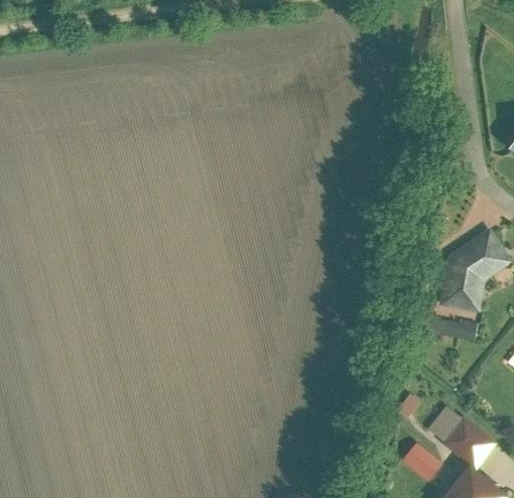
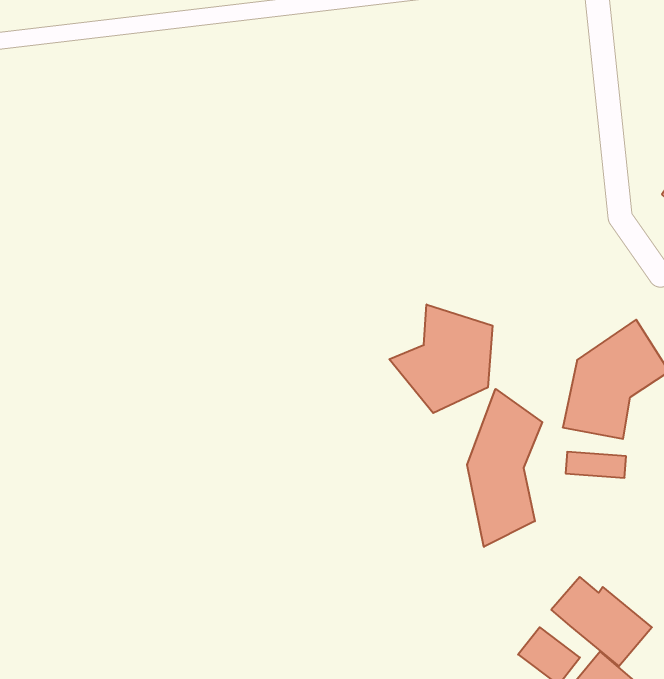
building: none -> [389,304,493,413]
building: none -> [467,389,542,547]

